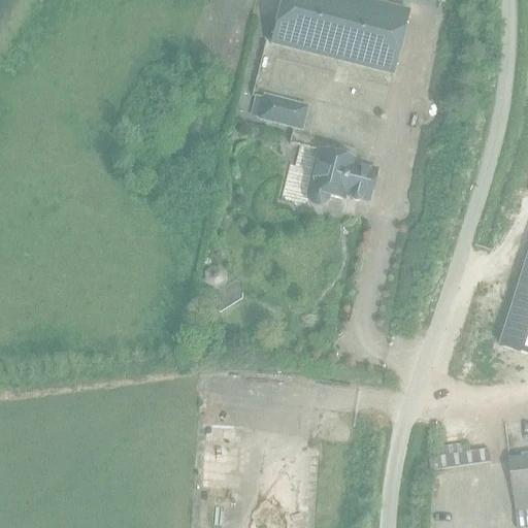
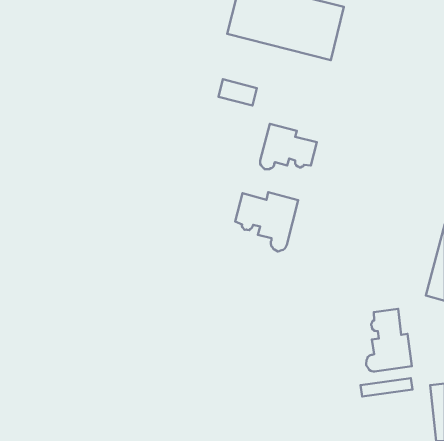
building: none -> [235,192,298,252]
building: none -> [366,309,412,372]

